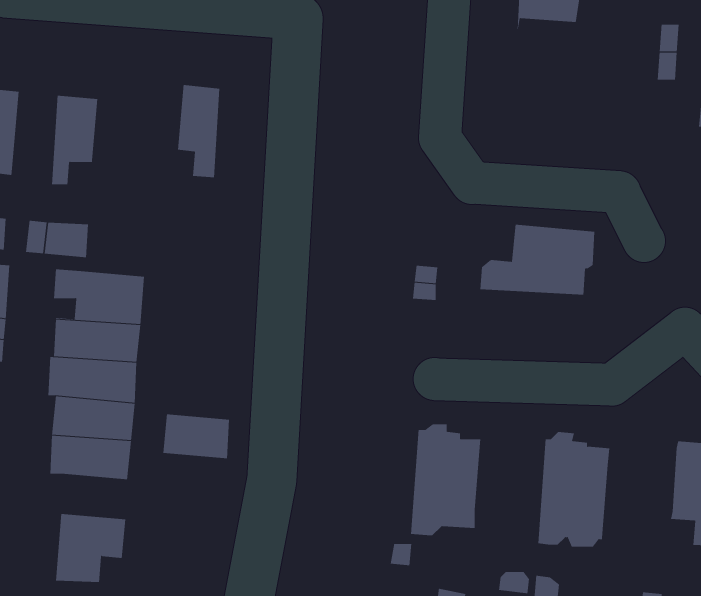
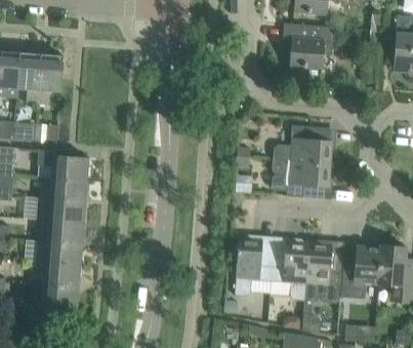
building: none -> [283,24,334,74]
building: [177,85,220,178] -> [17,51,41,103]
building: none -> [271,160,333,199]
building: [162,414,230,459] -> [43,262,80,286]
building: none -> [271,235,308,300]
building: none -> [340,245,380,298]

